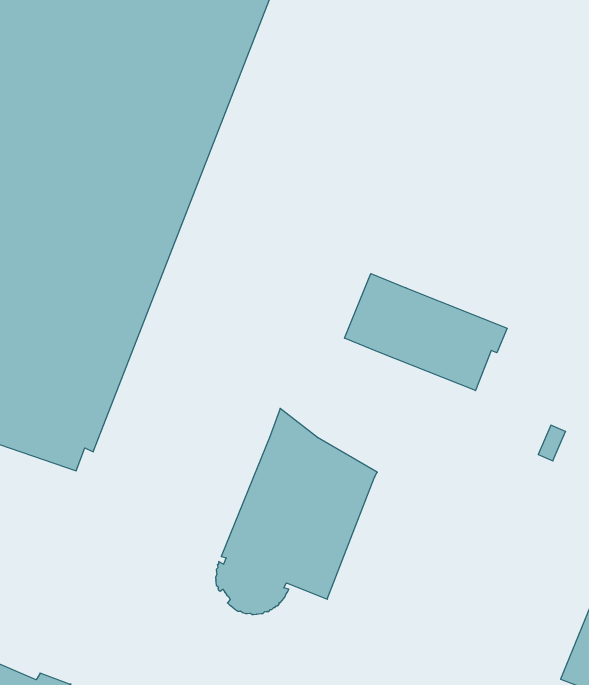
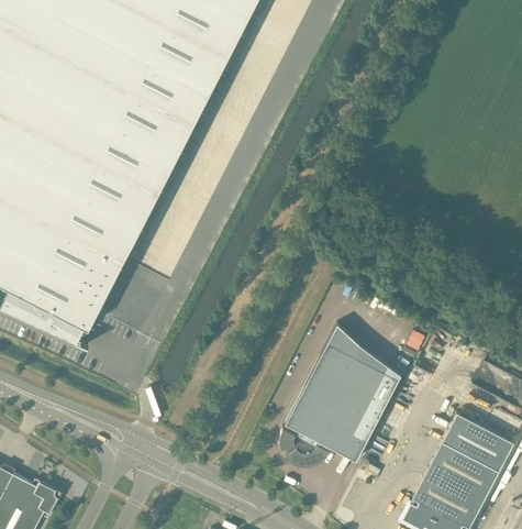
building: [345,274,507,391] -> none
building: [216,408,377,615] -> [280,323,401,466]

